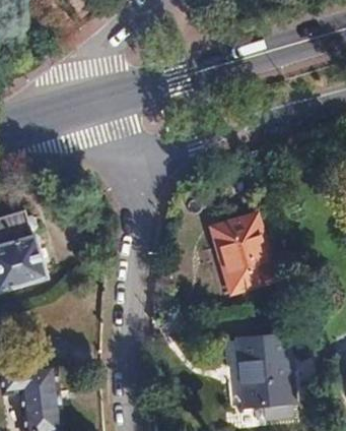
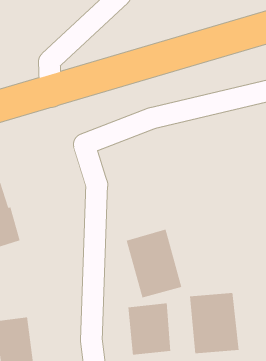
building: [211,214,275,293] -> [126,229,182,298]
building: none -> [128,303,171,356]

